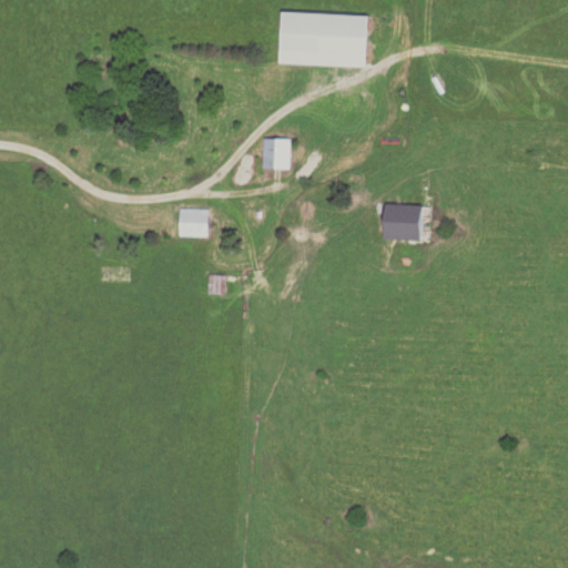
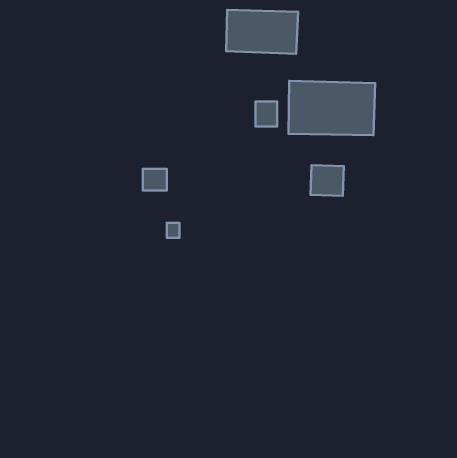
building: none -> [289,81,375,135]
building: [262,138,288,169] -> [256,101,277,127]

